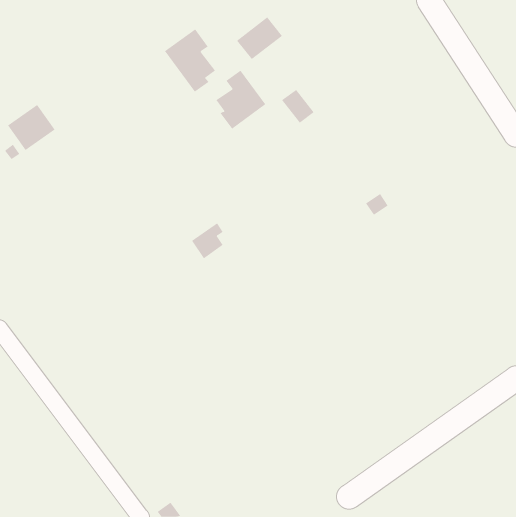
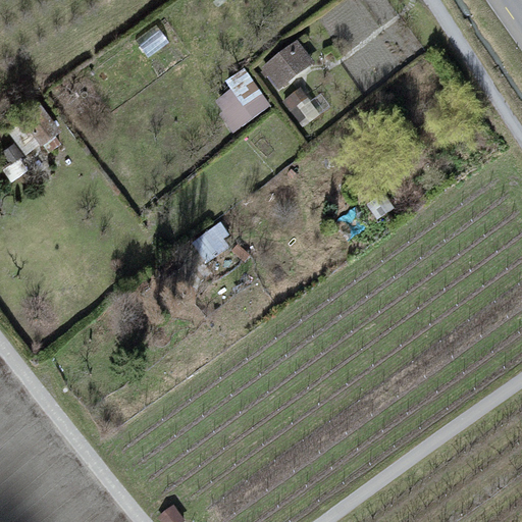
building: [236,16,283,60] -> [264,42,311,86]
building: [164,28,216,93] -> none

